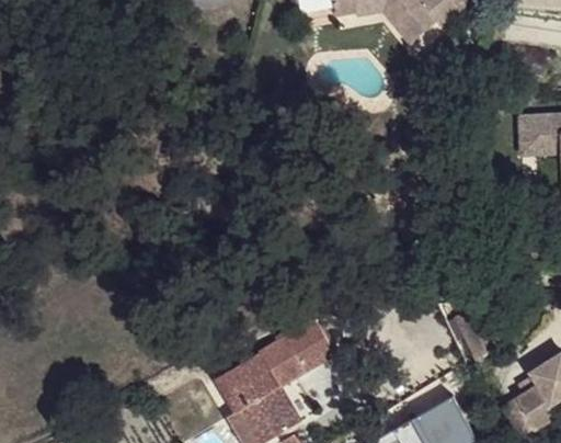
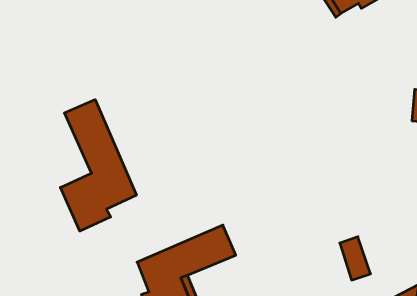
building: none -> [60,100,136,231]

